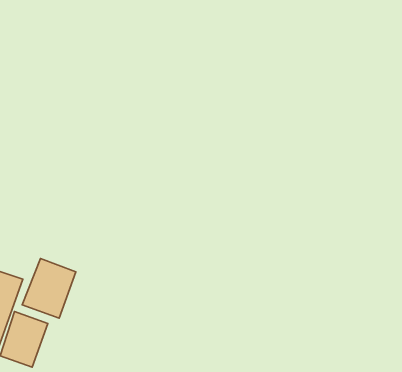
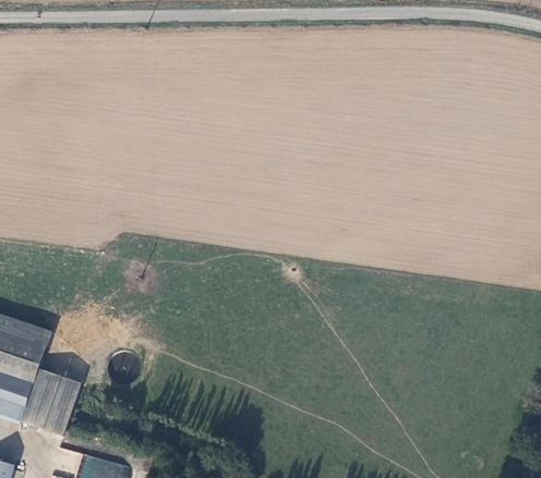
building: [22,258,76,318] -> none

